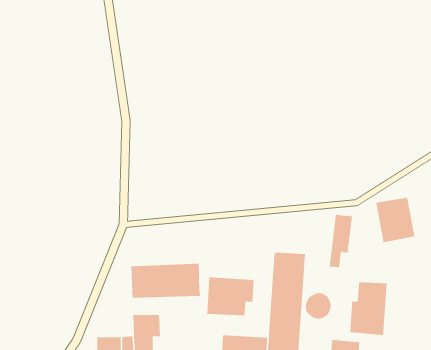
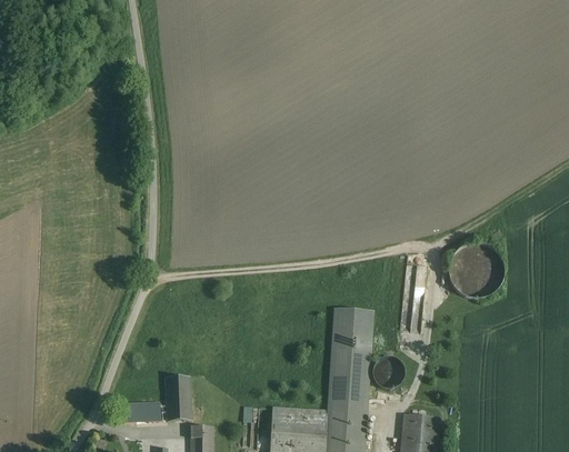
building: [131,263,201,299] -> none
building: [207,276,254,316] -> none
building: [350,282,387,336] -> none

